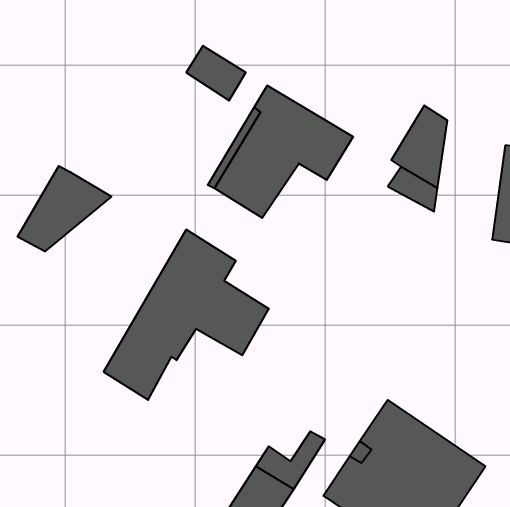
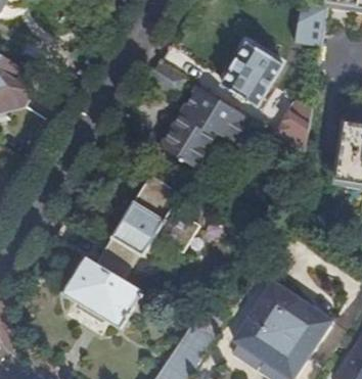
building: none -> [222,42,282,105]
building: [18,166,111,251] -> none
building: none -> [62,256,143,327]

